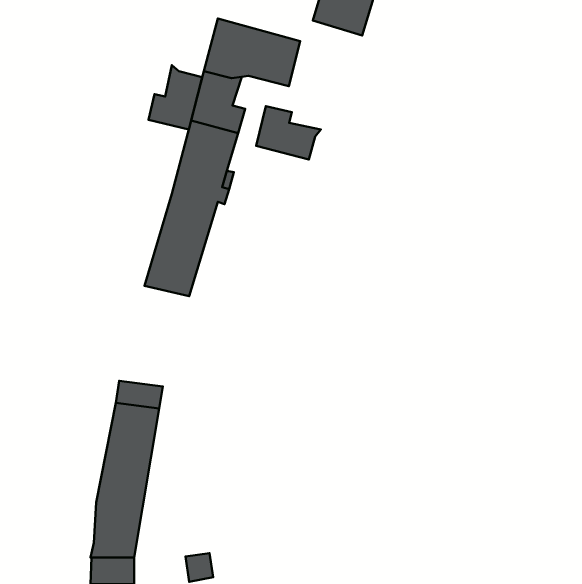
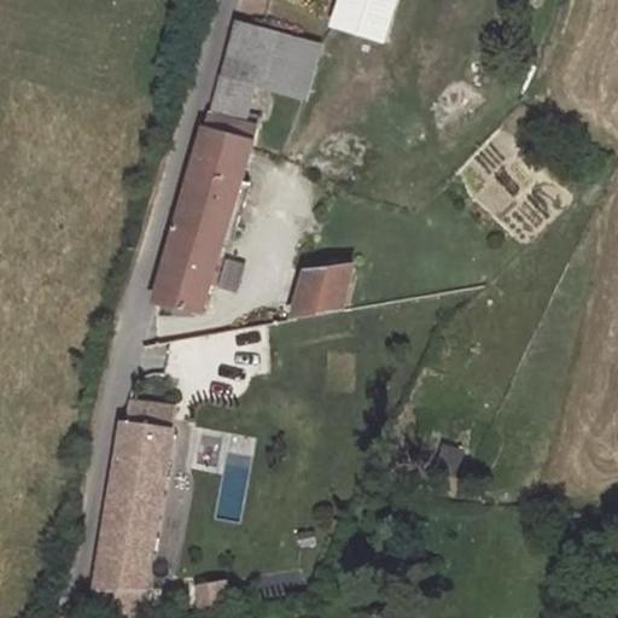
building: [148,65,202,130] -> none
building: [256,106,321,159] -> none
building: none -> [288,264,350,319]

